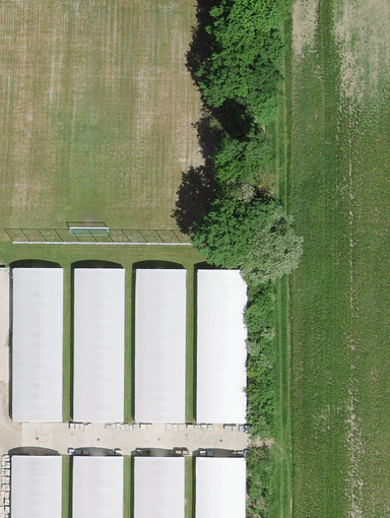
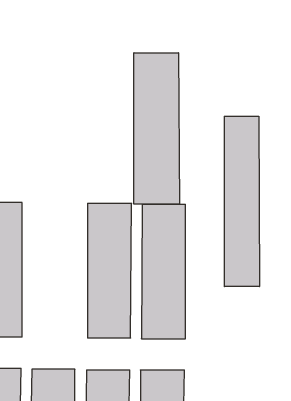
building: none -> [134,53,179,204]
building: none -> [224,116,259,287]
building: [73,269,123,422] -> none

